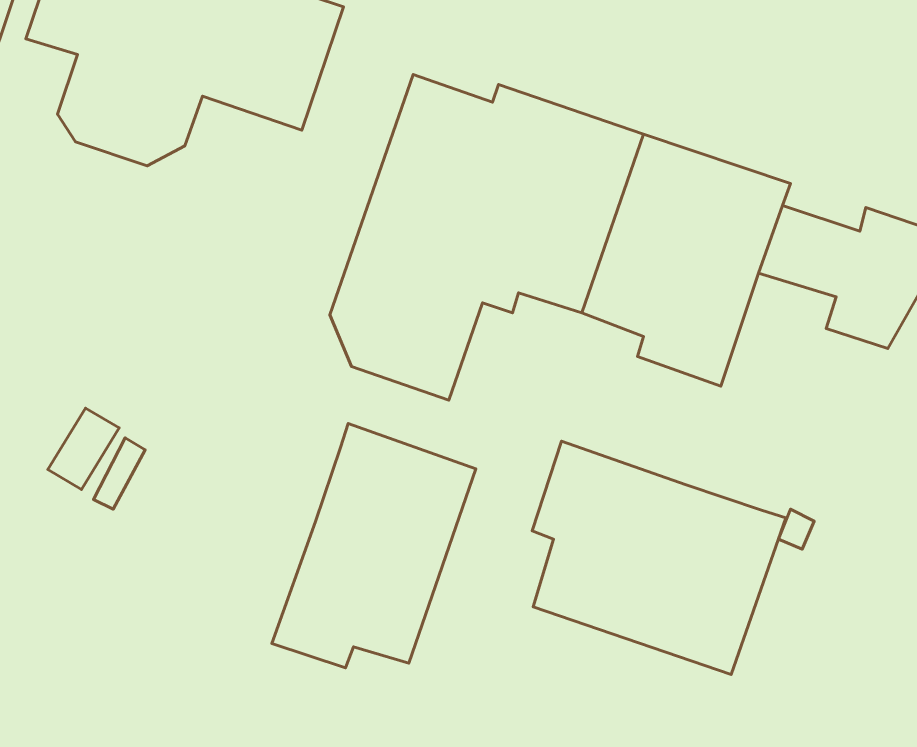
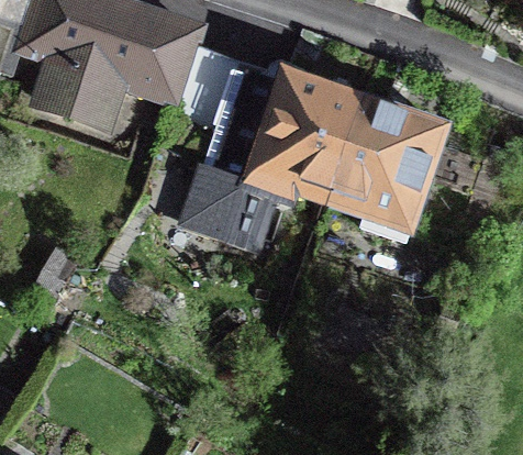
building: [272,424,476,668] -> none
building: [532,441,786,675] -> none

